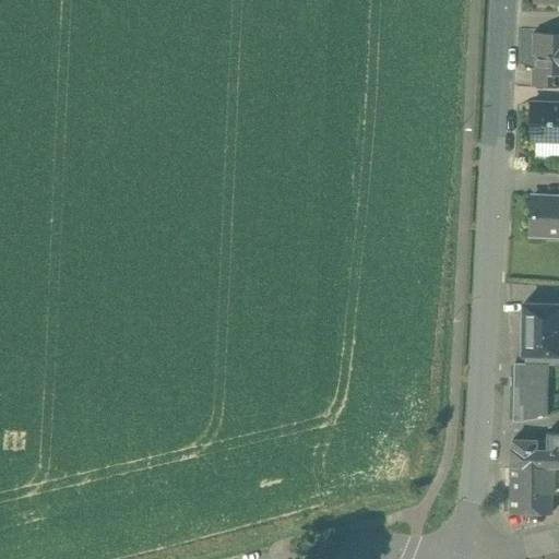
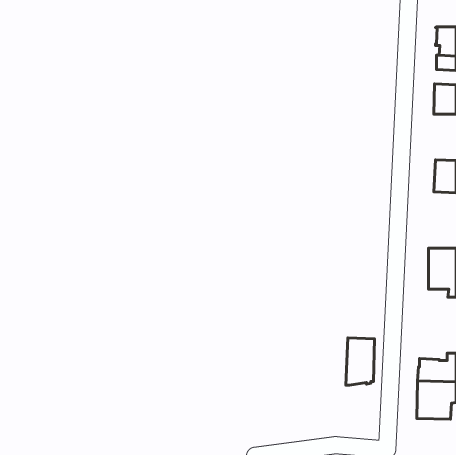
building: [513,364,548,421] -> [346,338,375,385]

